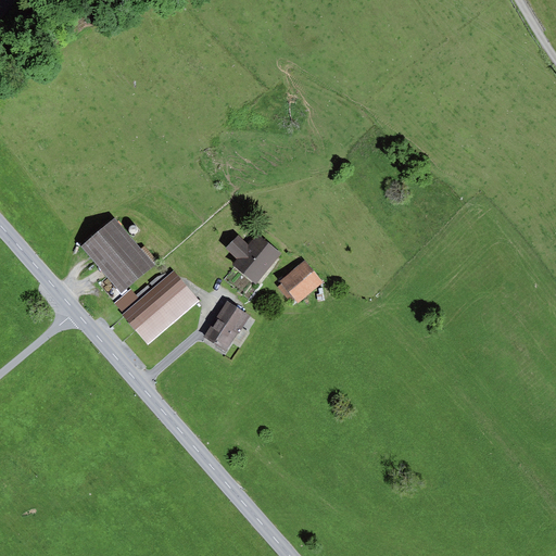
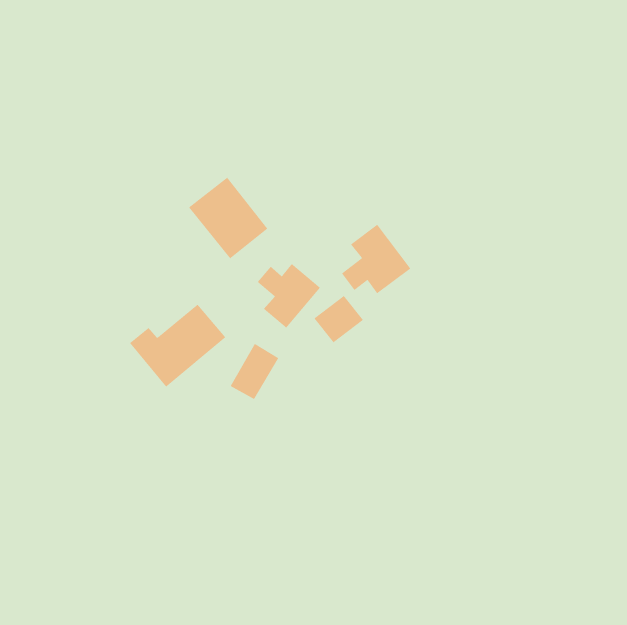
building: none -> [341,224,411,294]
building: [81,219,152,292] -> [188,177,268,259]

